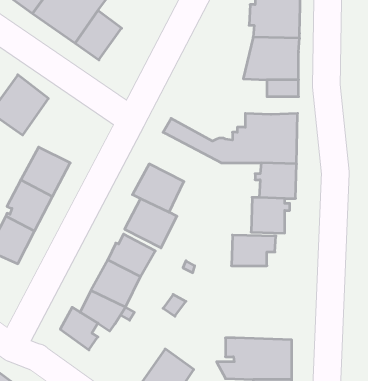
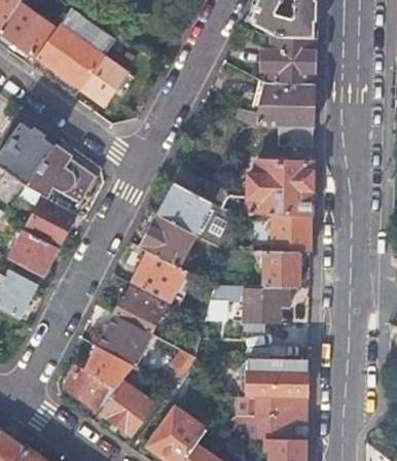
building: none -> [23,146,94,213]
building: none -> [157,182,232,248]
building: none -> [247,357,306,397]
building: none -> [100,381,155,435]

